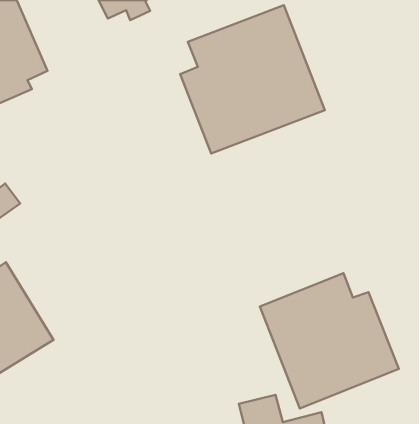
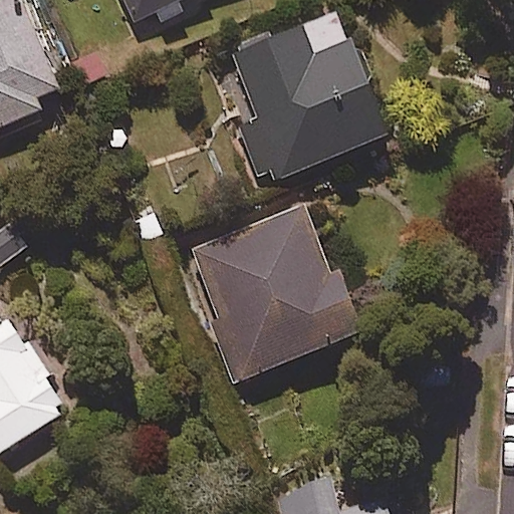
building: none -> [190,205,363,378]
building: [260,273,399,408] -> none

